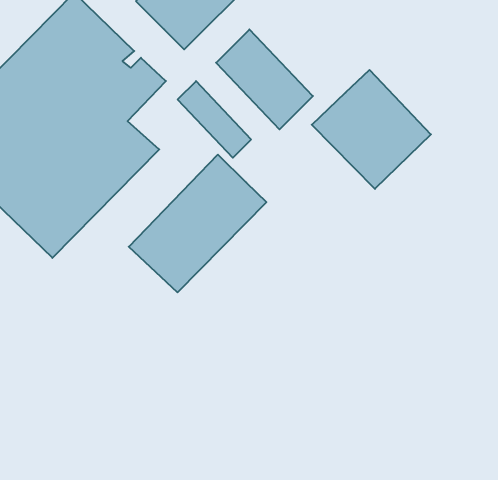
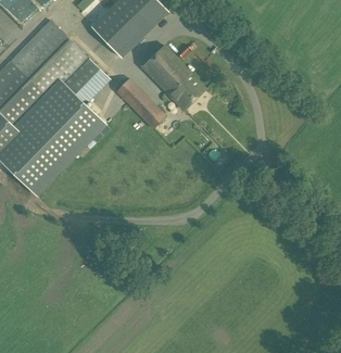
building: [312,70,431,189] -> none
building: [129,155,266,292] -> none

